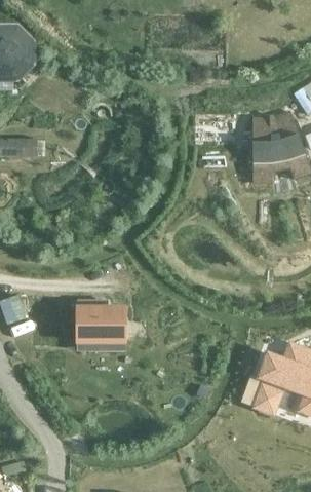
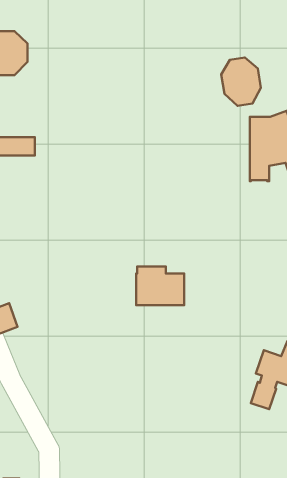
building: none -> [221,57,261,106]
building: [77,302,125,341] -> [136,266,184,305]

